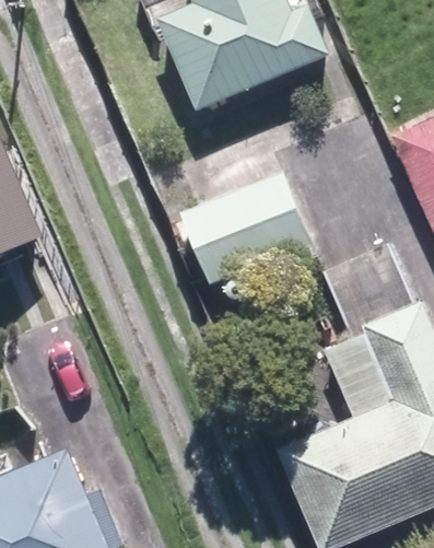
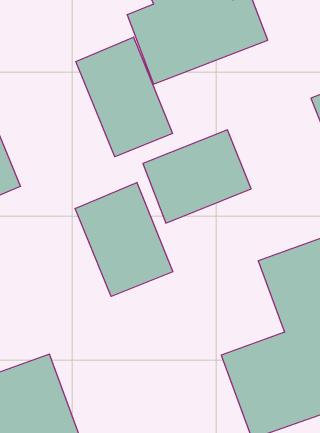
building: none -> [76,37,172,157]
building: none -> [75,182,173,296]

